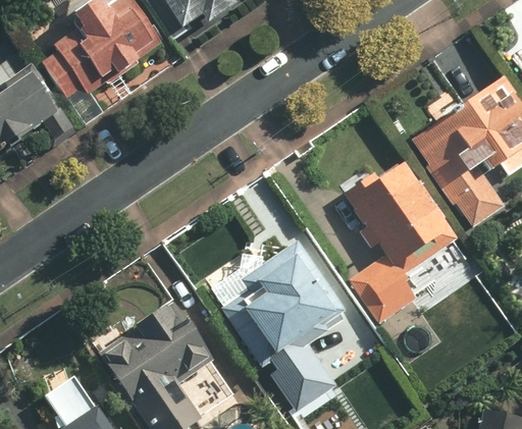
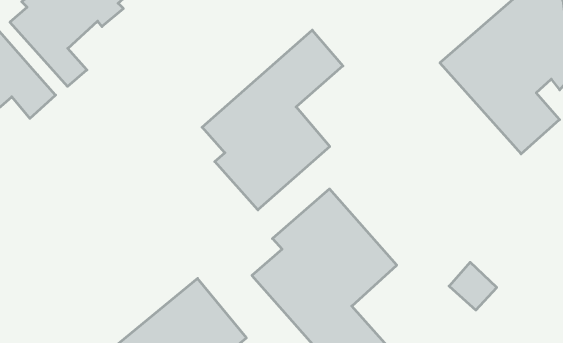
building: none -> [202,30,343,210]
building: [342,156,460,325] -> none

